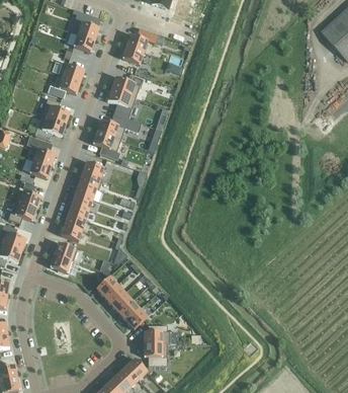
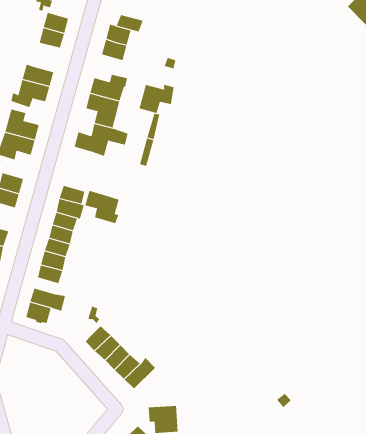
building: none -> [139,84,174,114]
building: [92,132,120,160] -> [85,190,120,224]
building: [144,324,169,344] -> none

